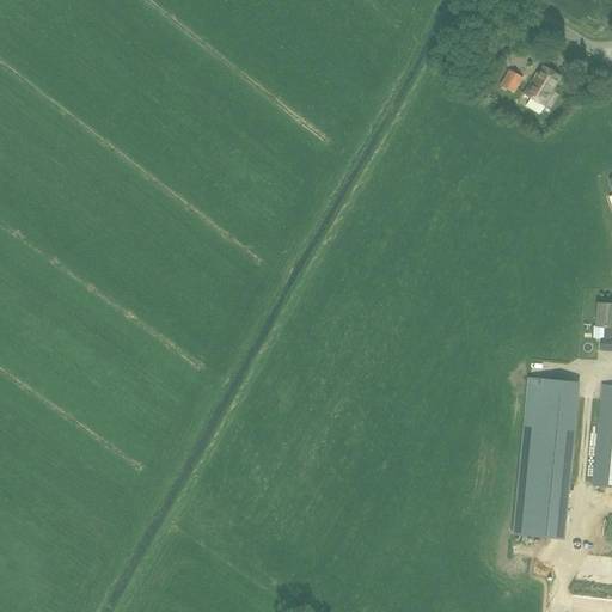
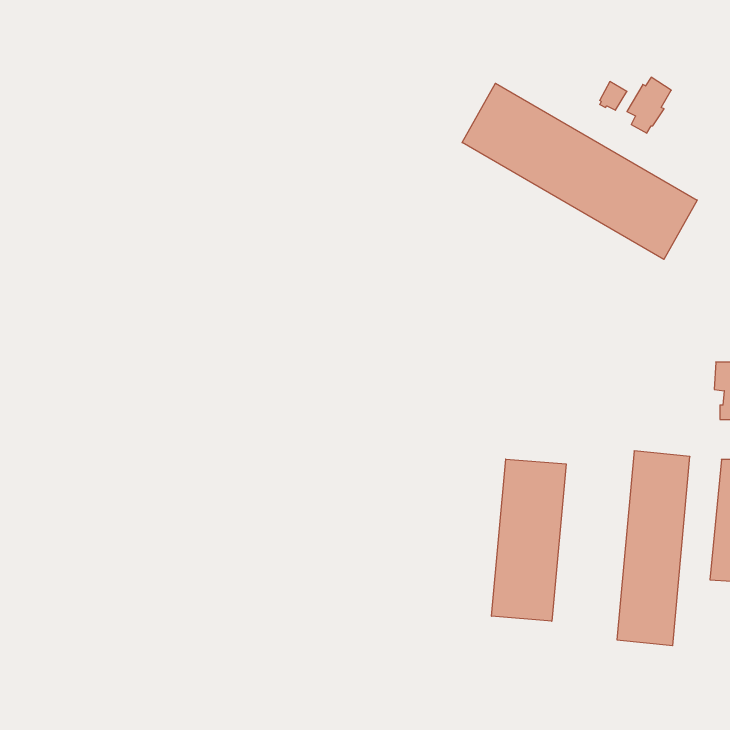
building: none -> [462,83,697,259]
building: none -> [492,459,566,621]

